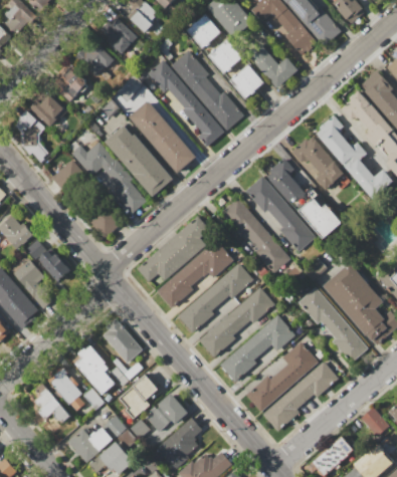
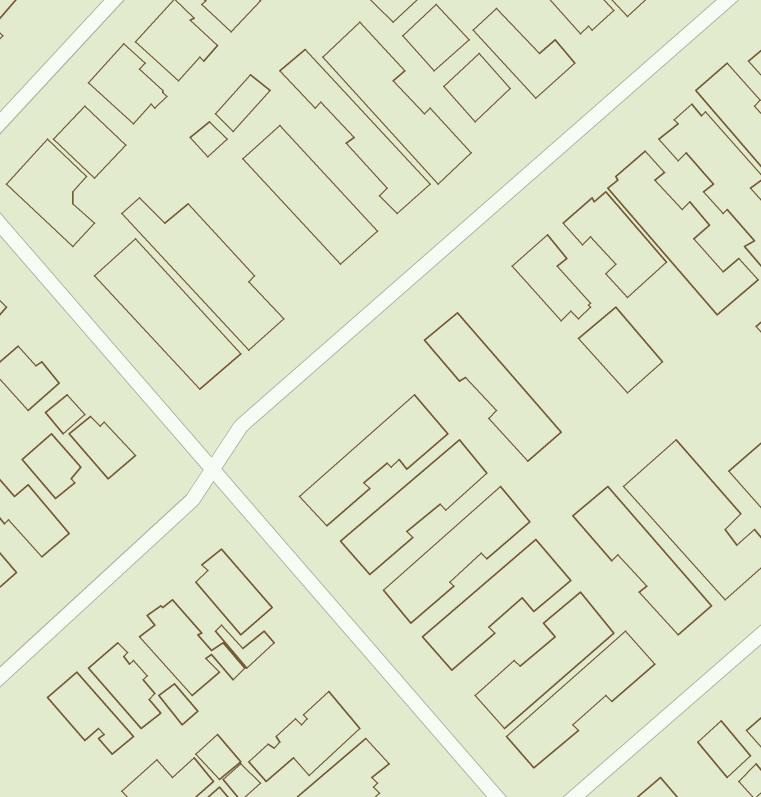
building: [105,125,172,195] -> none
building: [246,178,315,251] -> none
building: [137,216,209,282] -> none
building: [119,375,158,419] -> none

